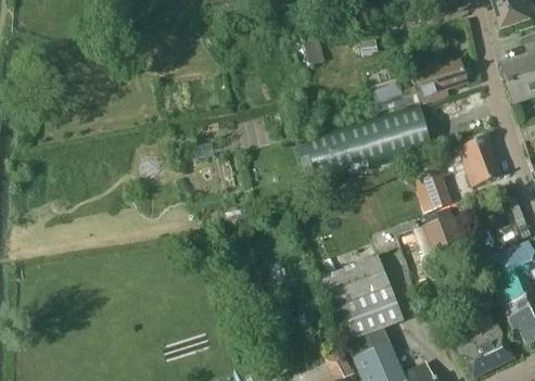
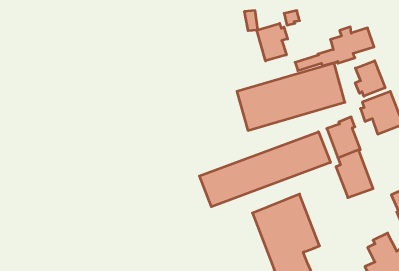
building: none -> [257,23,288,61]
building: none -> [355,61,385,96]
building: none -> [199,132,330,207]

